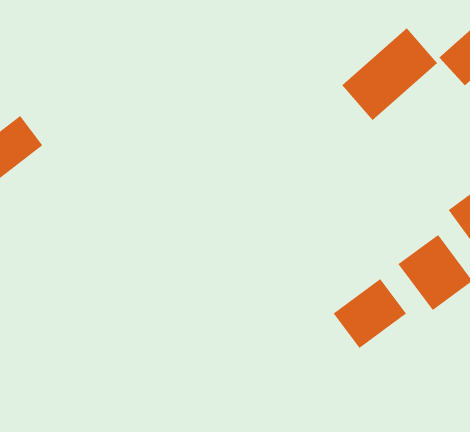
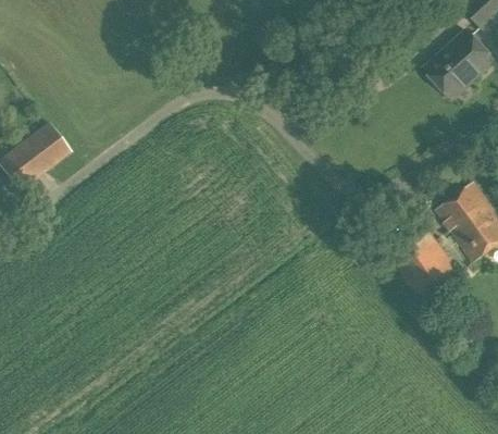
building: [341,28,438,121] -> none
building: [333,278,407,349] -> none

